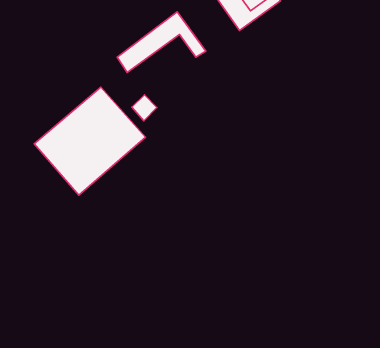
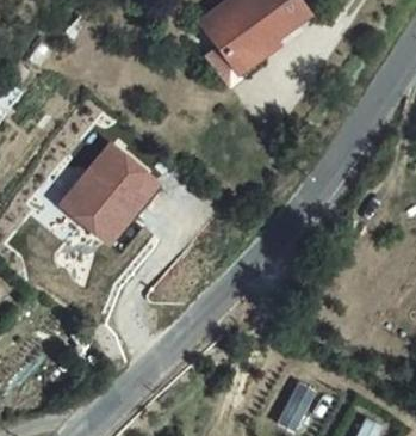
building: [117,12,206,73] -> none

